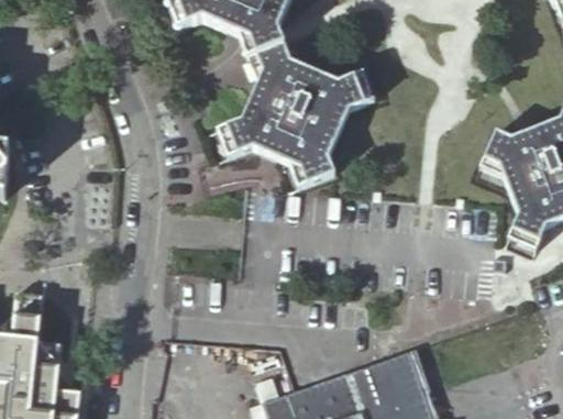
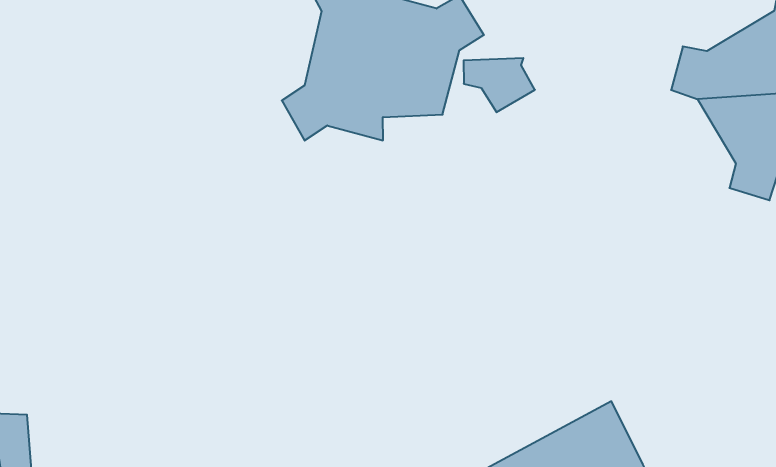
building: [289,143,335,180] -> [464,58,535,112]

